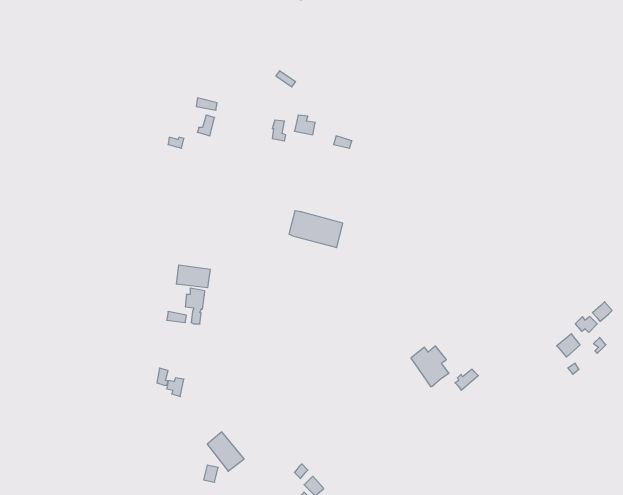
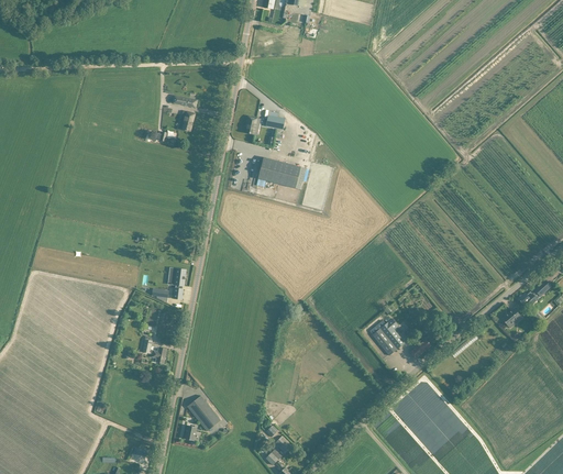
building: [289,211,343,248] -> [256,156,305,189]
building: [177,265,210,288] -> none

